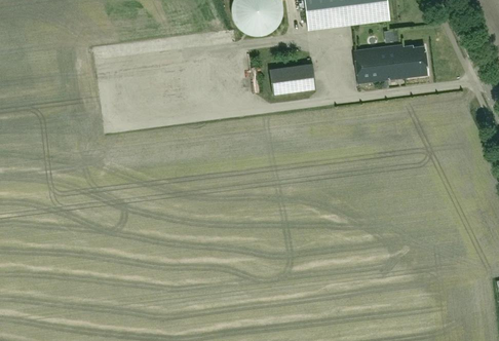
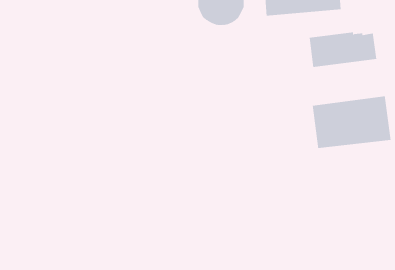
building: [269,63,315,94] -> none
building: none -> [312,96,391,149]

